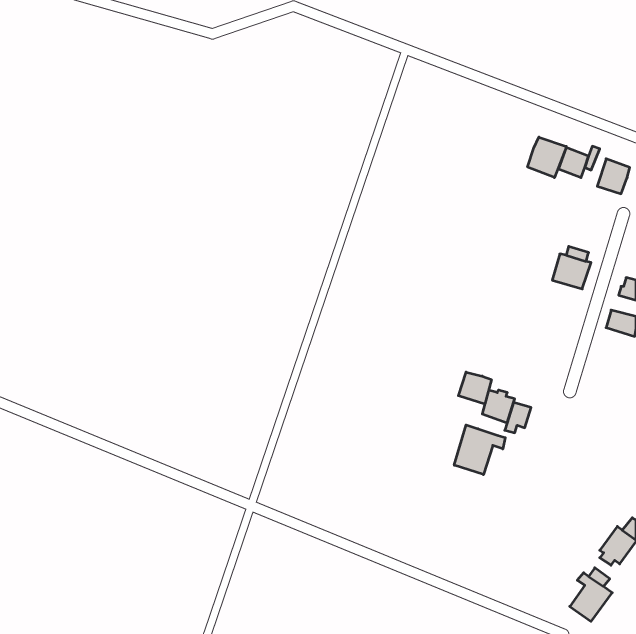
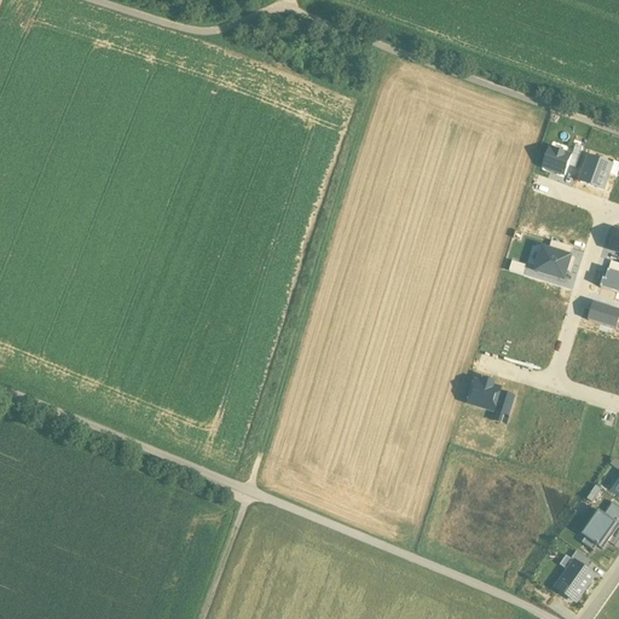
building: [528,137,566,178] -> none
building: [458,372,491,404] -> none
building: [454,425,505,475] -> none

